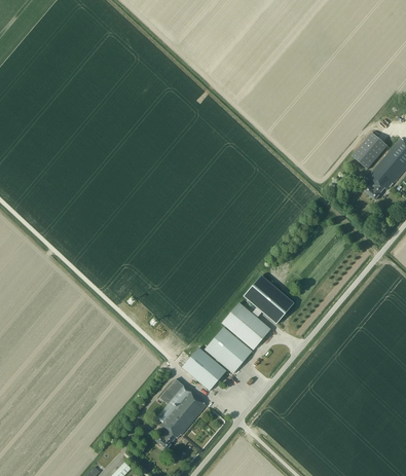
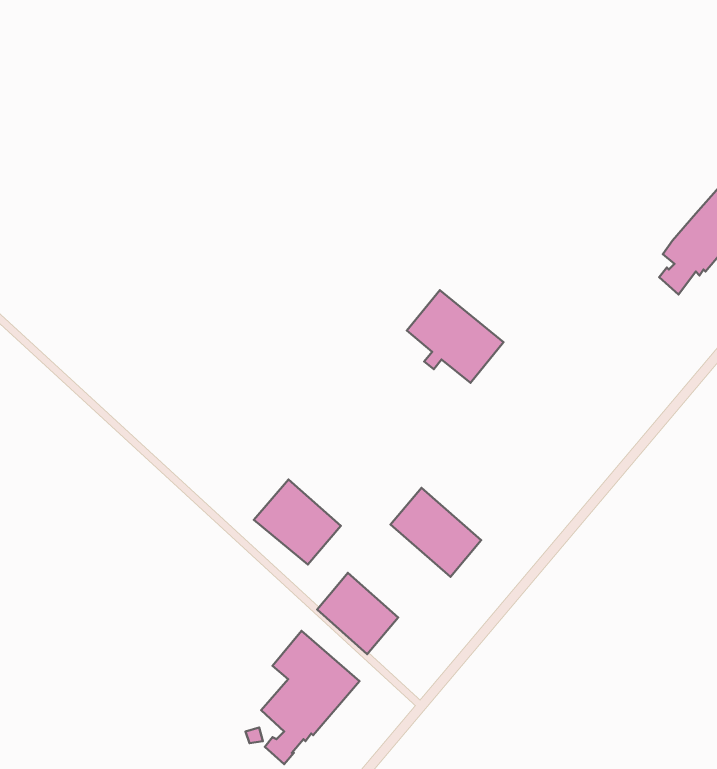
building: [352,132,387,169] -> none
building: [244,274,295,324] -> [407,290,503,383]
building: [205,327,251,372] -> [254,479,341,564]

